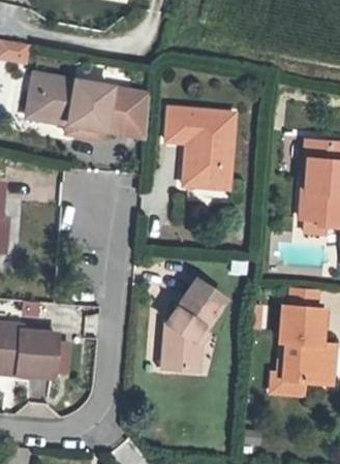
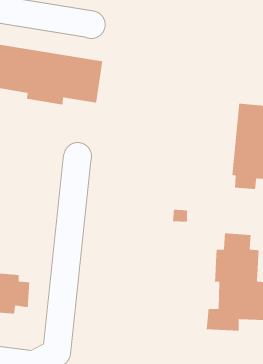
building: [166,106,237,189] -> none
building: [161,277,227,375] -> none

